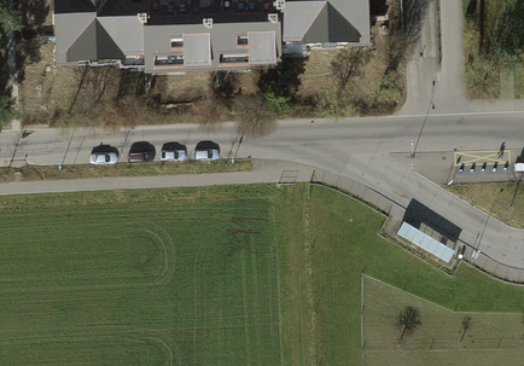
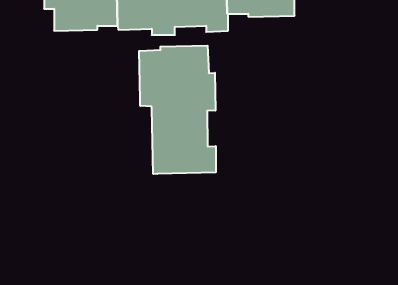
building: none -> [139,46,216,174]

